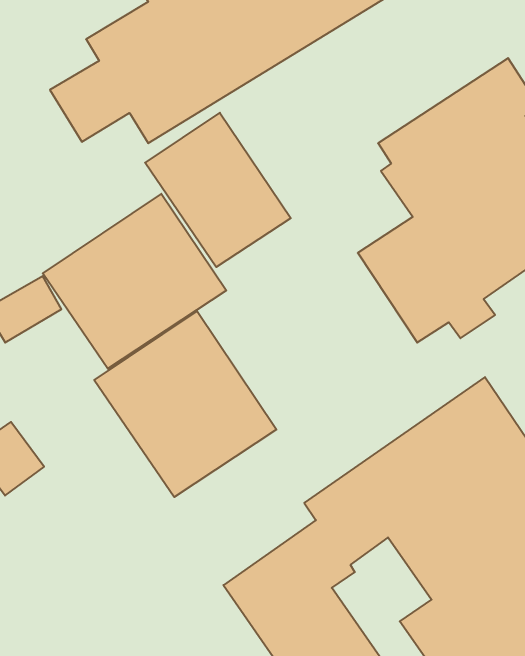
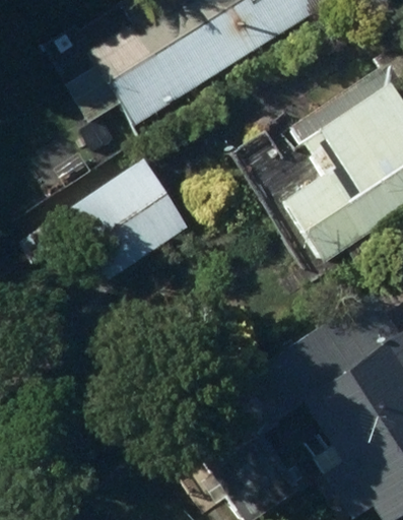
building: [145,113,291,267] -> none
building: [94,311,276,497] -> none

